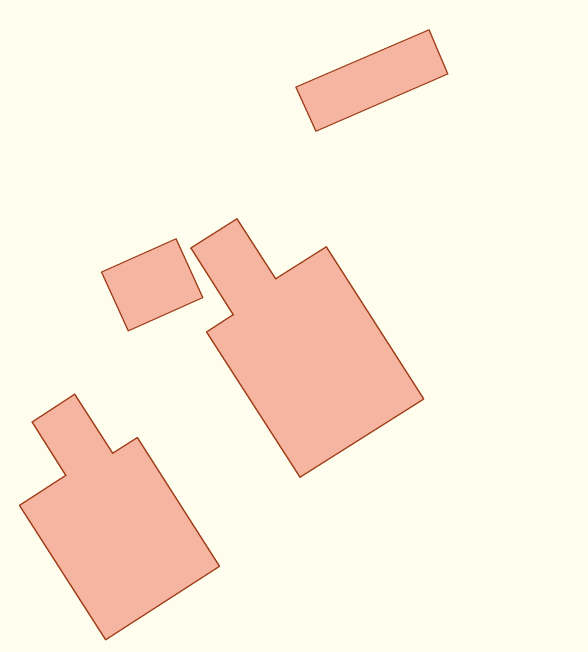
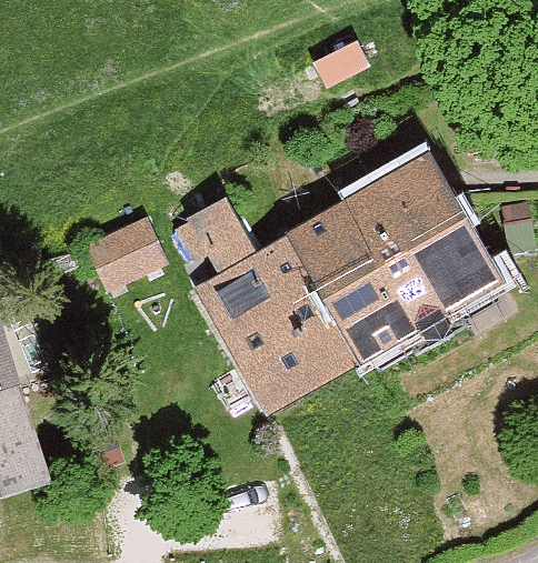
building: none -> [298,158,491,346]
building: [20,394,219,640] -> none

